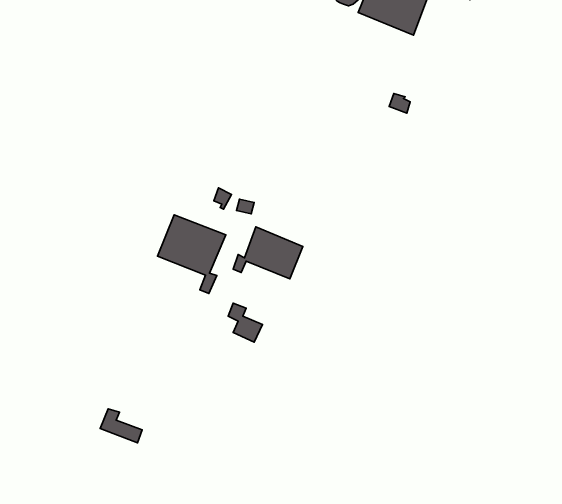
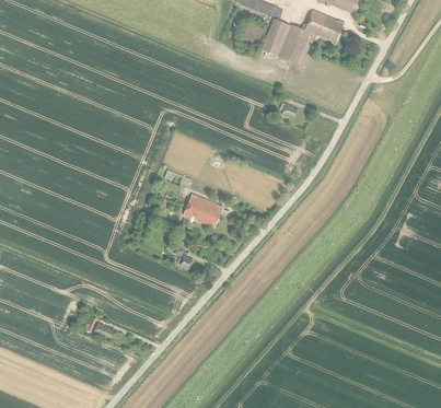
building: [158,215,226,293] -> none

